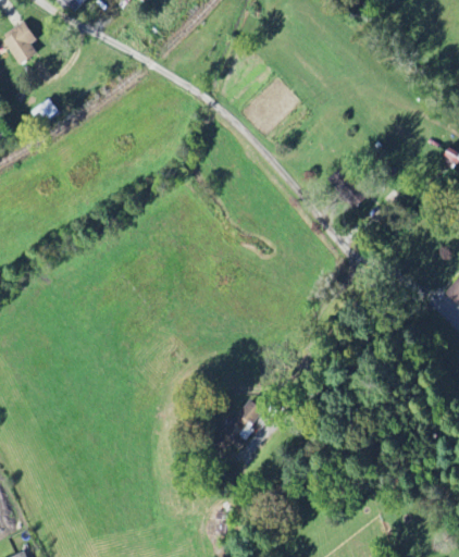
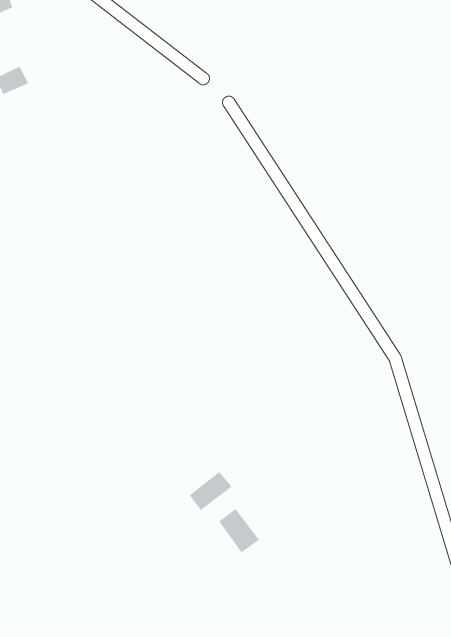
building: none -> [219,508,260,553]

